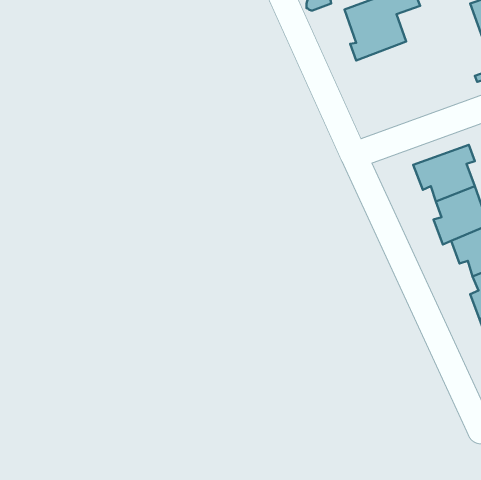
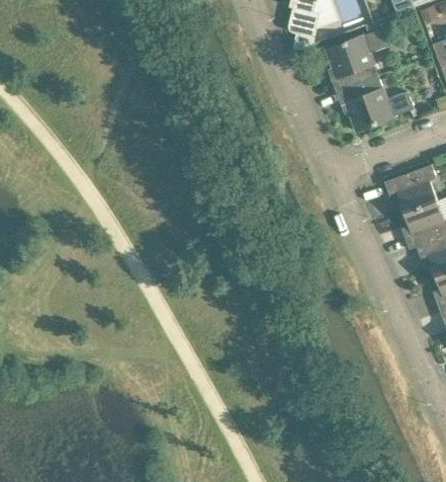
building: none -> [336,76,414,131]

